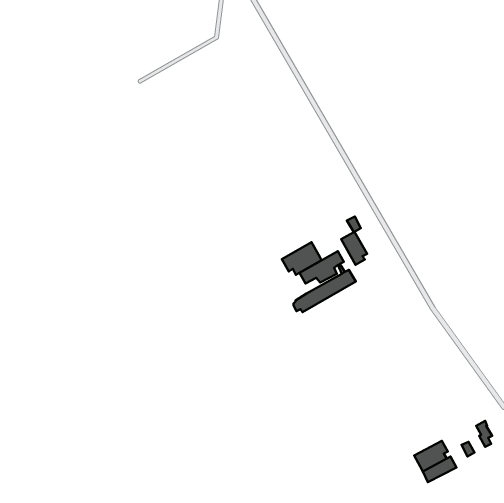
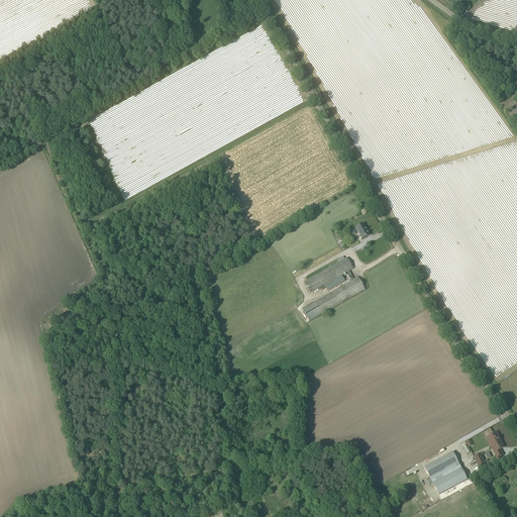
building: [341,232,367,265] -> none
building: [282,242,321,275] -> none

